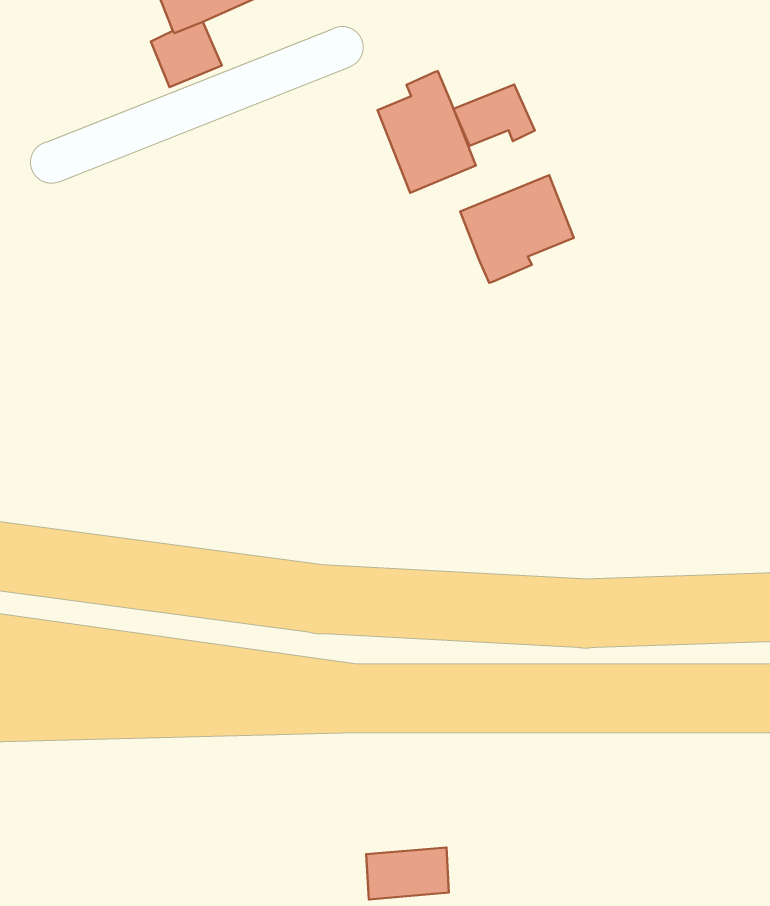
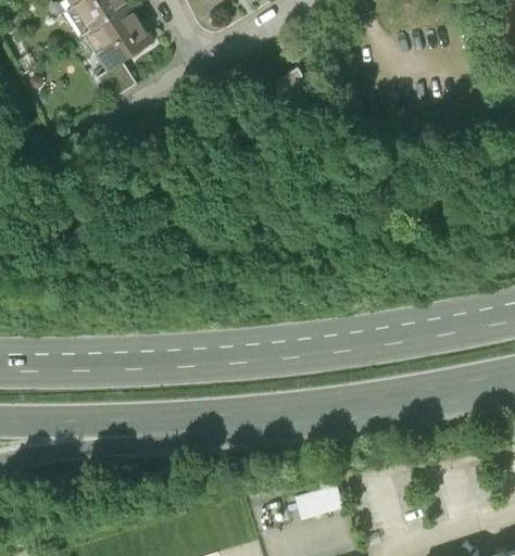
building: [377,71,476,193] -> none
building: [460,175,574,283] -> none

